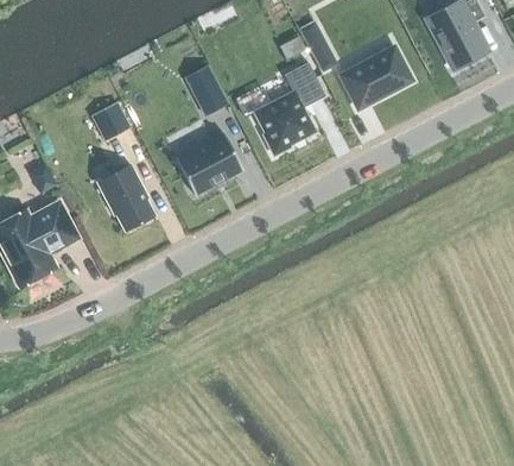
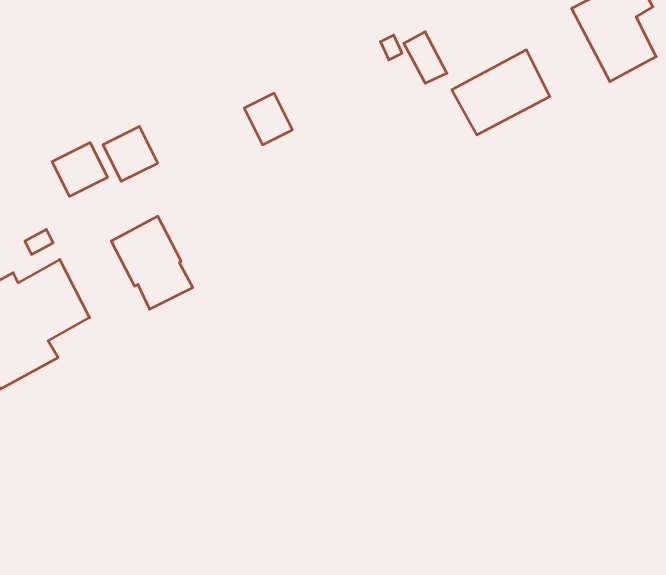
building: [254,61,325,155] -> none
building: none -> [52,143,107,196]
building: [174,132,243,195] -> none

